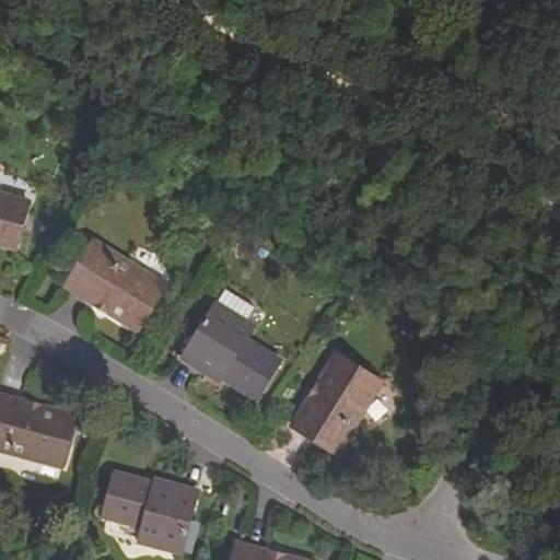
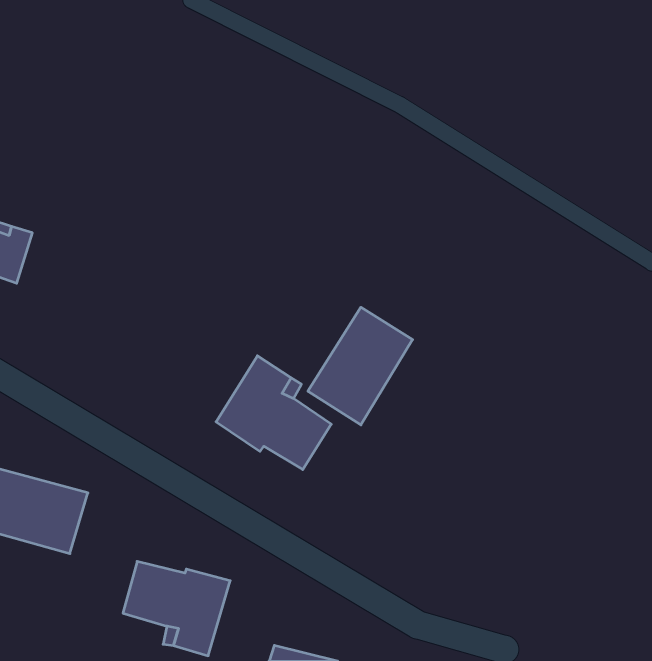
building: [66,237,165,327] -> none
building: [290,354,378,454] -> [308,307,413,425]

